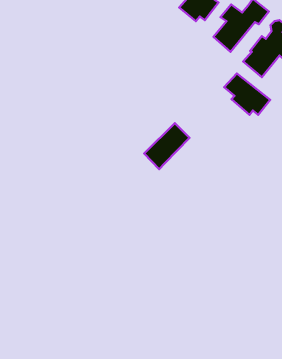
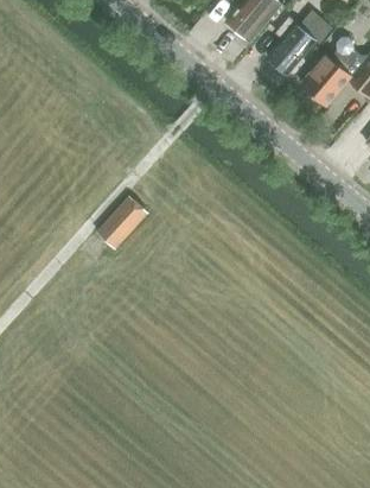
building: [224,73,270,115] -> none
building: [144,123,190,169] -> [94,192,148,248]

